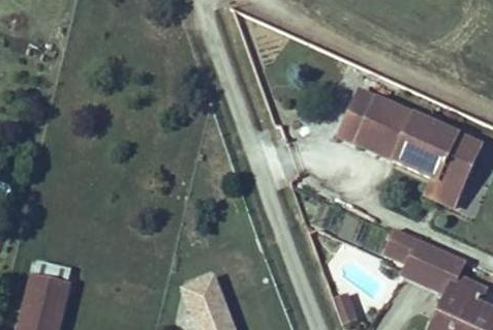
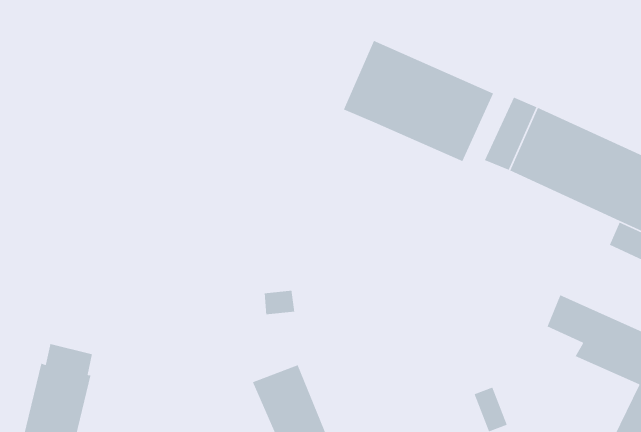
building: none -> [343,40,494,162]

